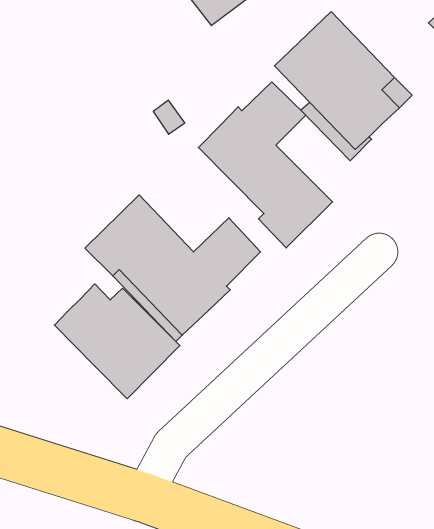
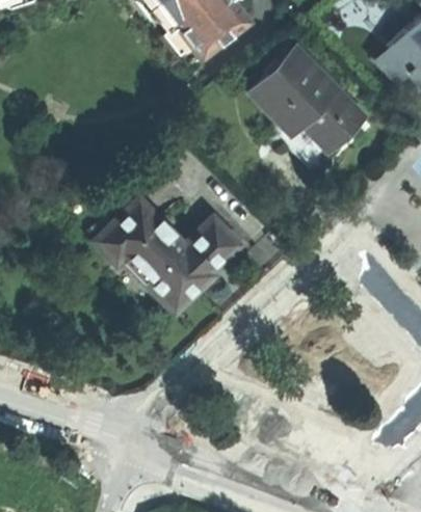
building: [198,82,333,248] -> none
building: [54,284,180,399] -> none

